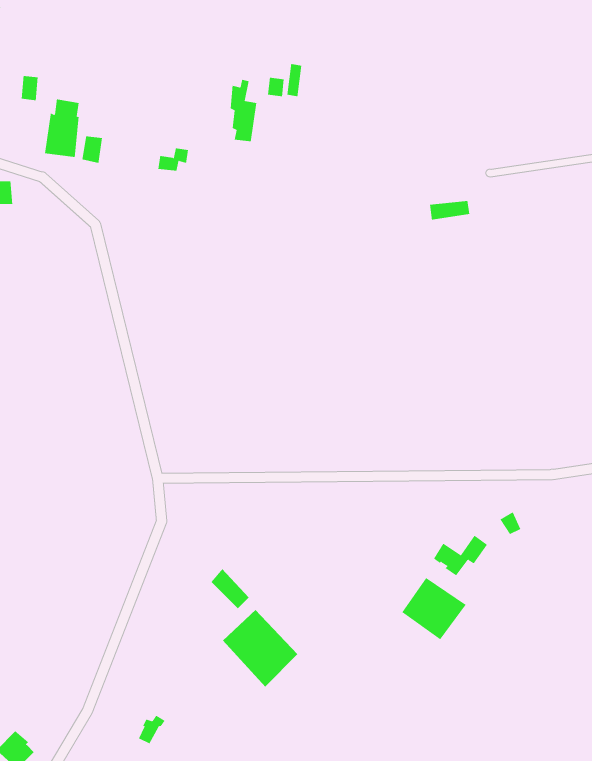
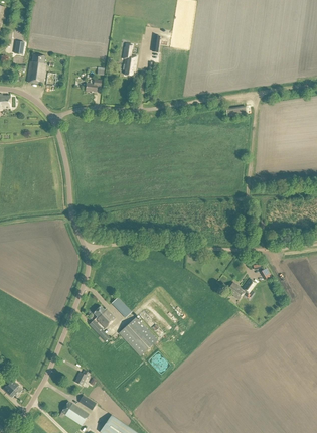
building: [401,577,466,640] -> none
building: none -> [89,306,115,341]

